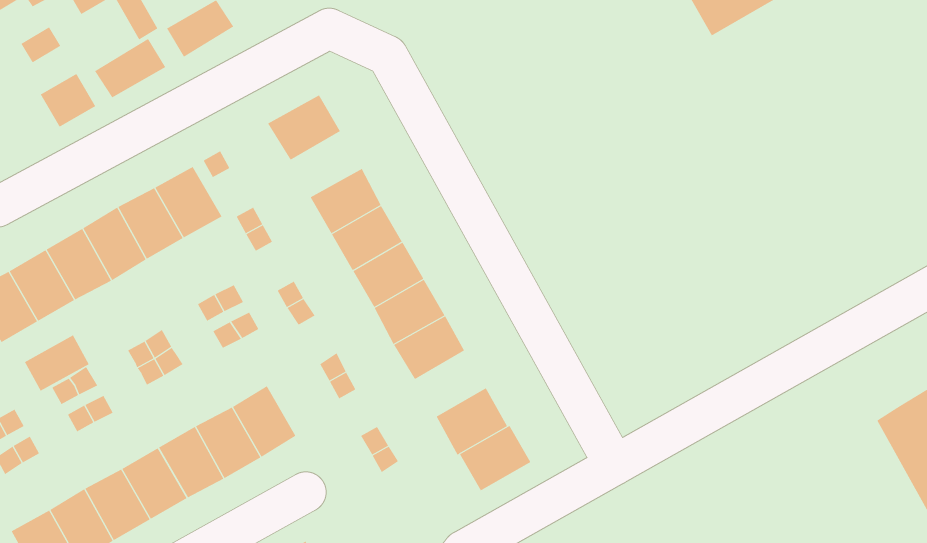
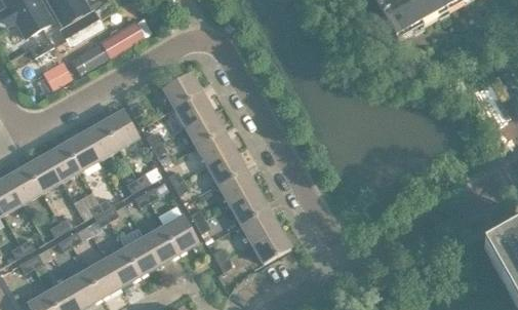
building: none -> [174,90,212,125]
building: [24,334,90,392] -> none
building: none -> [162,214,198,251]
building: [459,425,531,491] -> [240,206,278,241]

